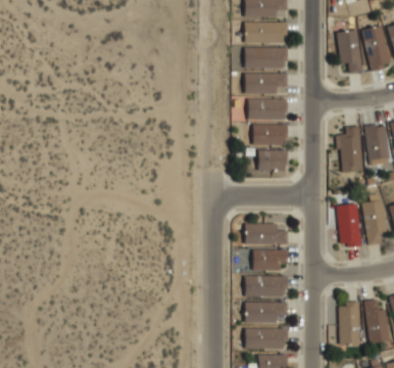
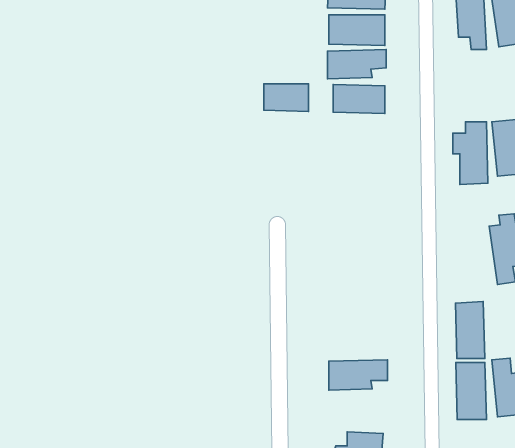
building: [253,125,286,145] -> [264,84,308,112]
building: [258,149,287,171] -> none
building: [338,203,359,245] -> [455,302,485,359]
building: [245,223,288,244] -> none
building: [252,249,288,270] -> none
building: [245,275,286,296] -> none
building: [245,328,288,349] -> none

